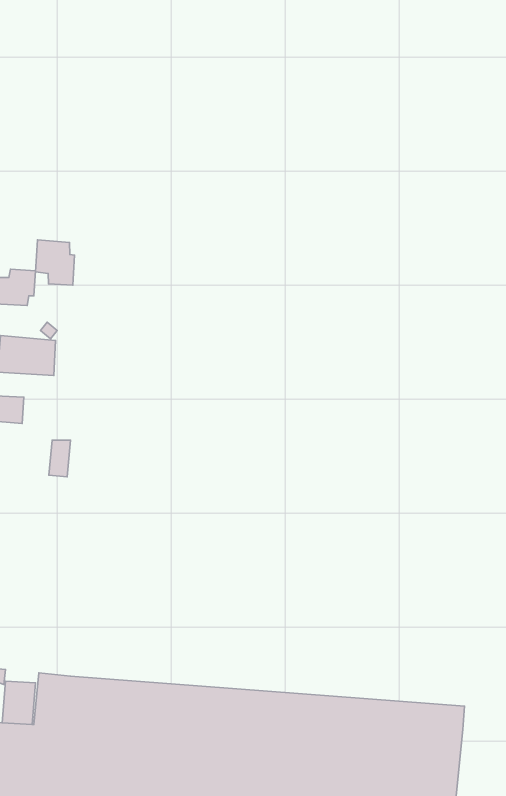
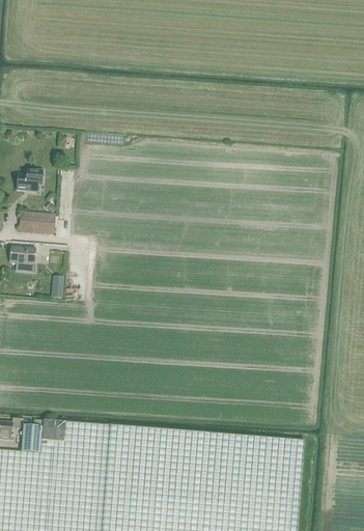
building: [35,240,74,285] -> none

